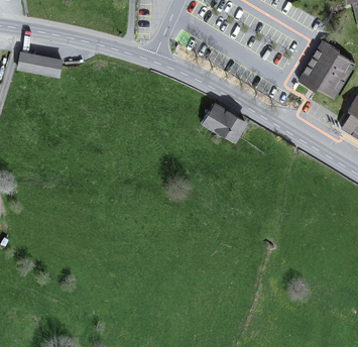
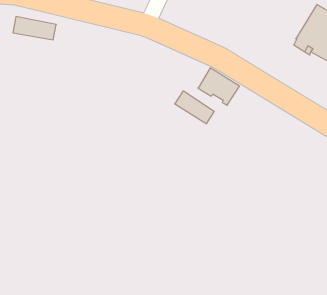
building: none -> [175,91,214,124]

